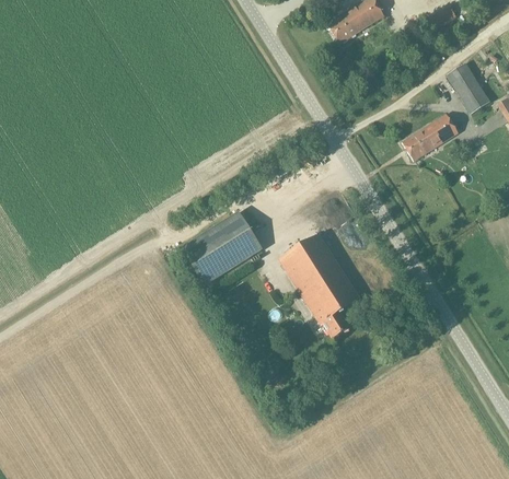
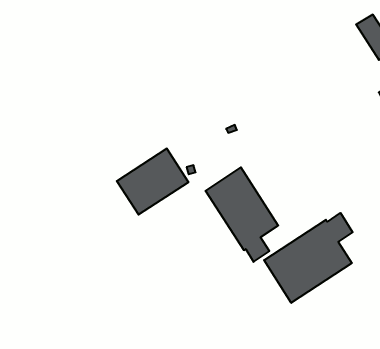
building: [402,114,458,160] -> none
building: none -> [264,213,353,303]

